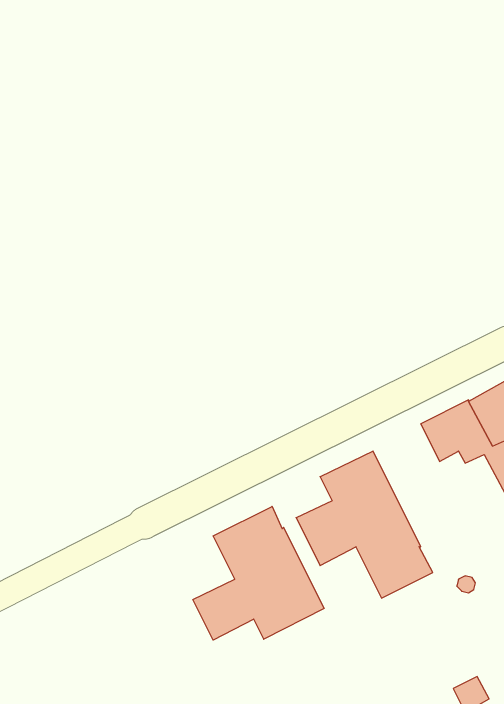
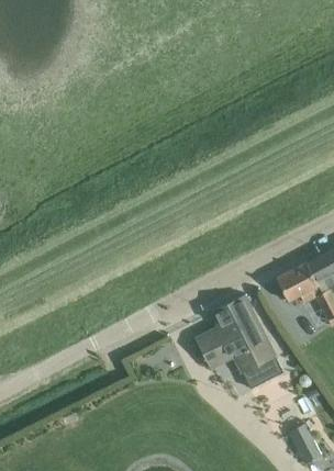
building: [193,506,324,640] -> none

